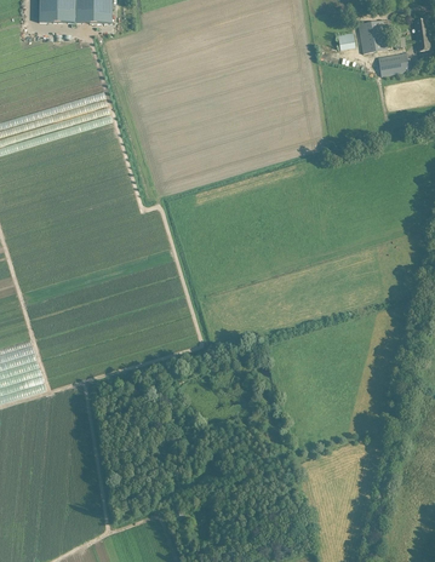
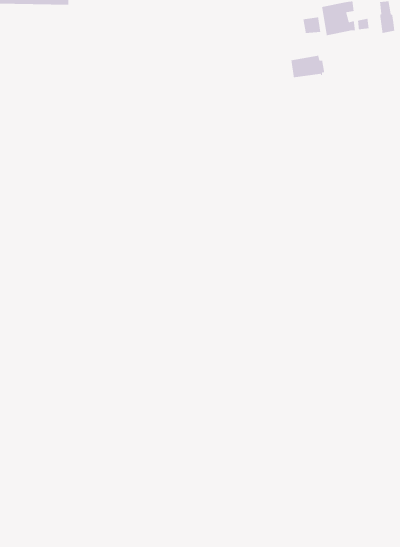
building: [376,51,410,74] -> [291,55,325,78]

